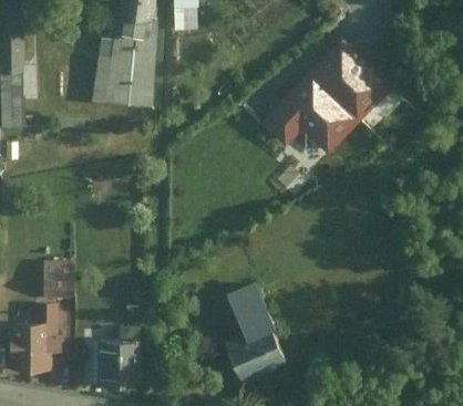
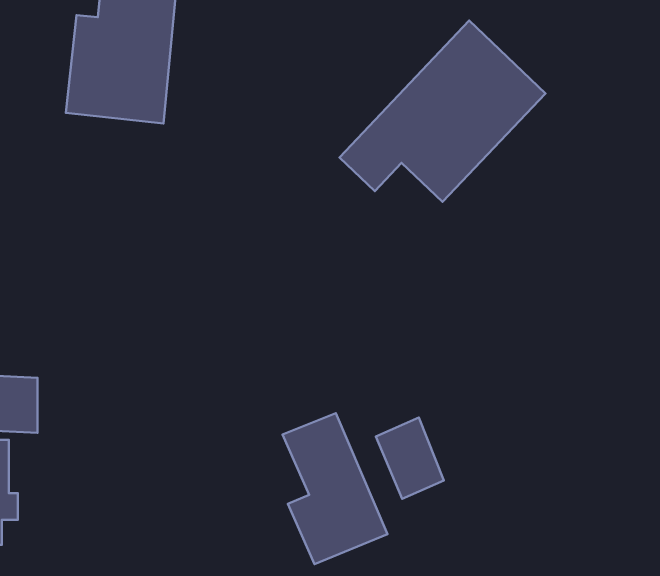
building: none -> [376,417,444,499]
building: [96,322,144,381] -> none

